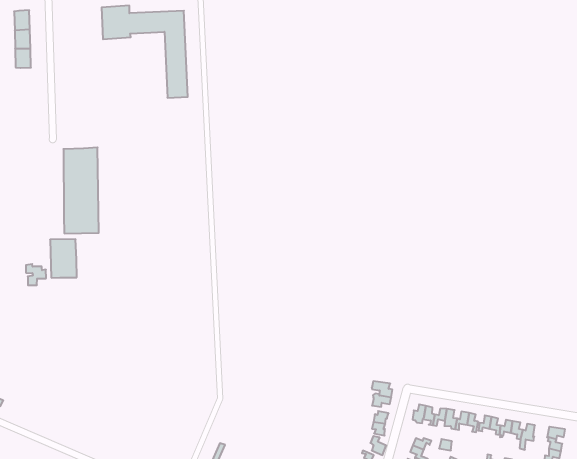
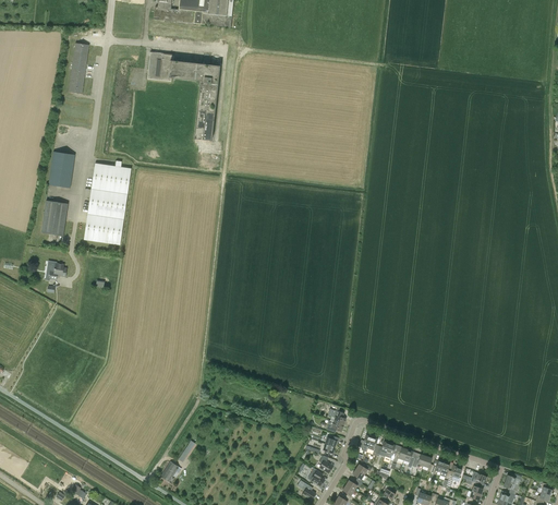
building: none -> [47,151,74,188]
building: [50,239,77,278] -> [40,200,66,236]

